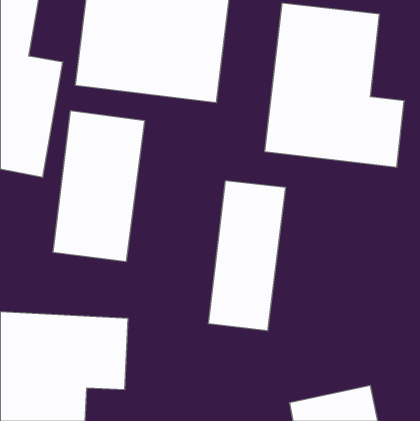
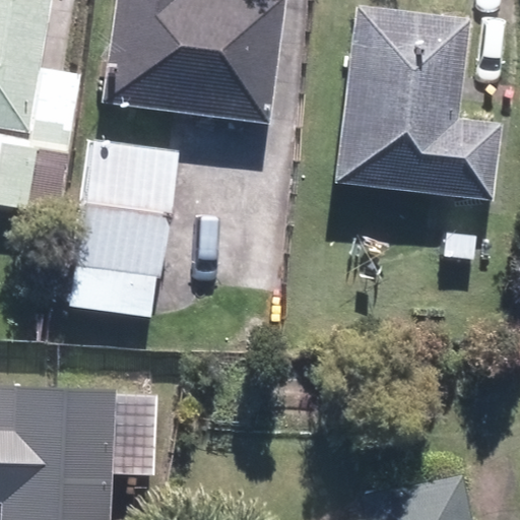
building: [209,181,286,331] -> none

